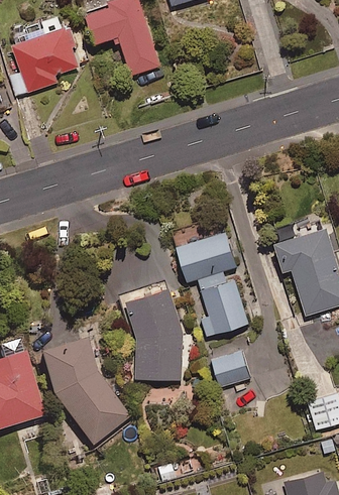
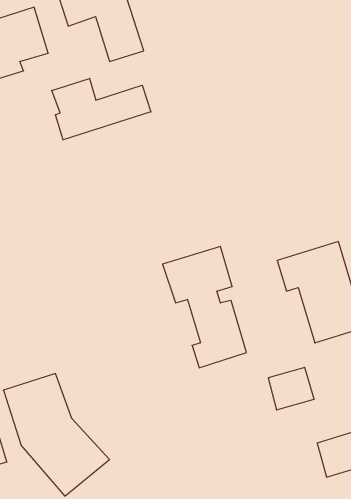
building: none -> [52,78,151,140]
building: [126,290,182,379] -> none
building: [211,351,250,387] -> [268,367,314,410]

